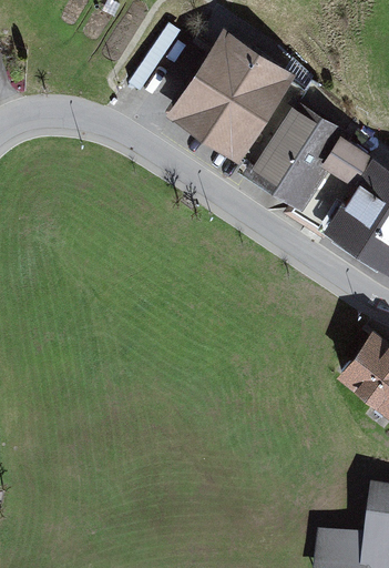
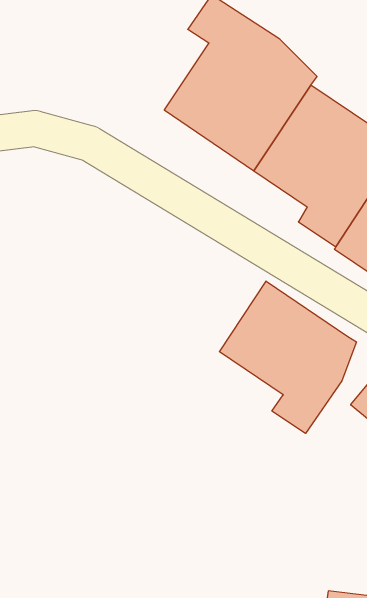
building: none -> [219,281,356,433]

